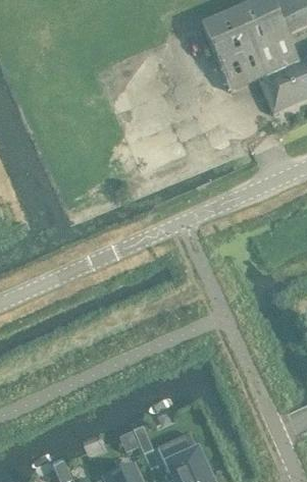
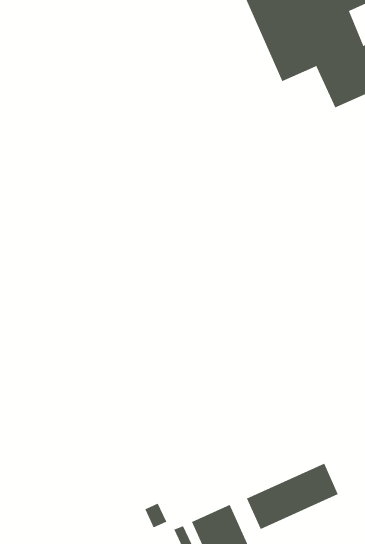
building: none -> [246,463,339,530]

